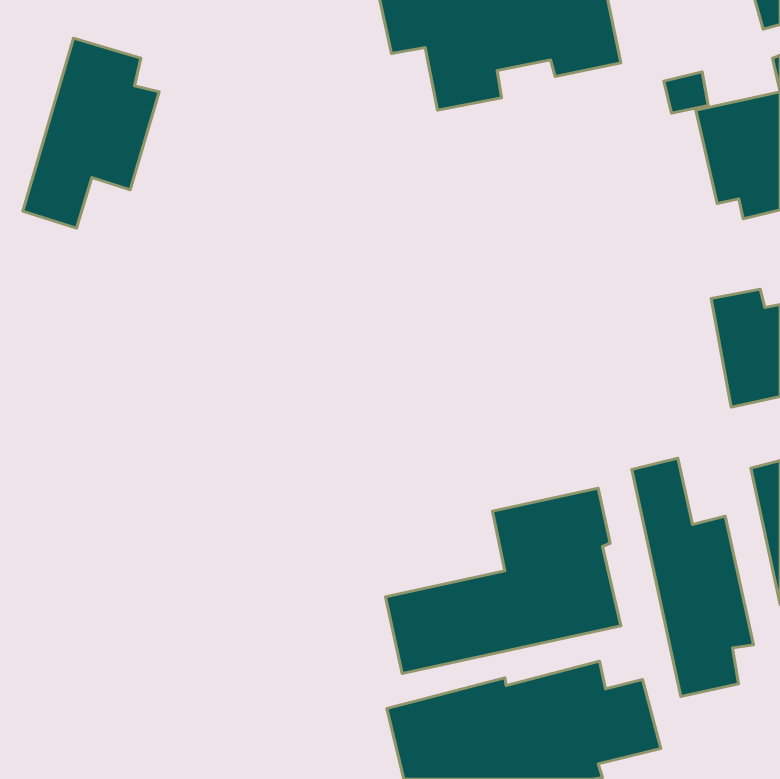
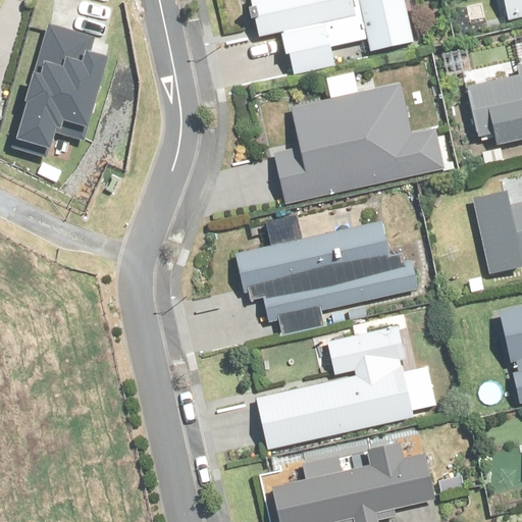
building: none -> [275,84,443,202]
building: none -> [238,220,418,335]
building: [632,458,753,696] -> none

